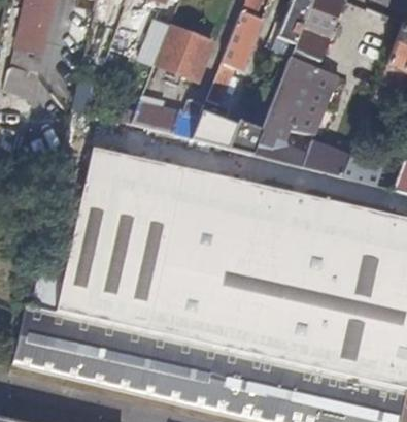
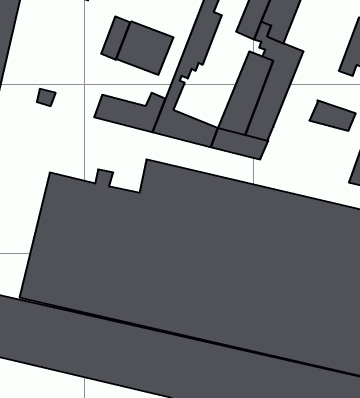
building: [87,147,185,201] -> none
building: [302,147,349,177] -> [309,100,356,131]

